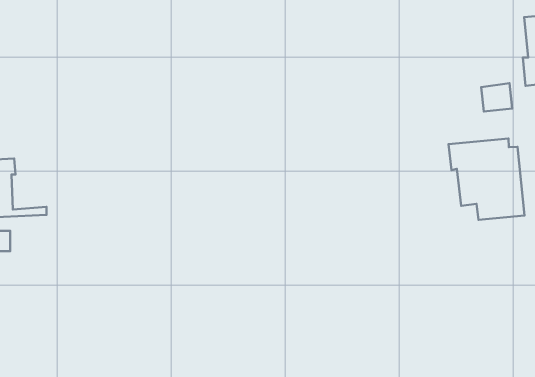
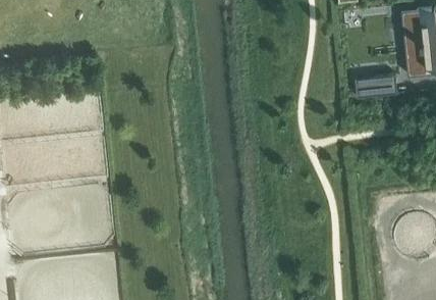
building: [448,138,525,220] -> none

